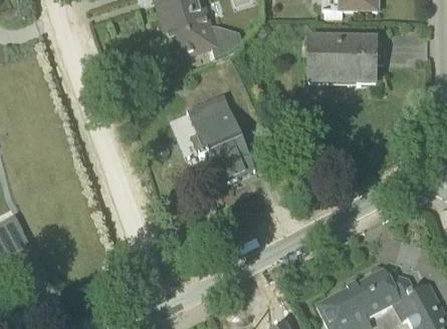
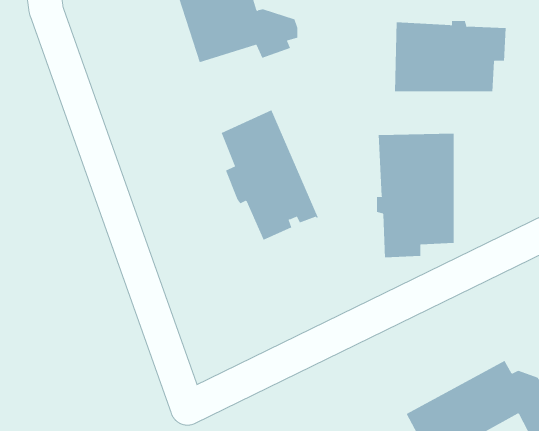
building: none -> [376,133,454,258]

